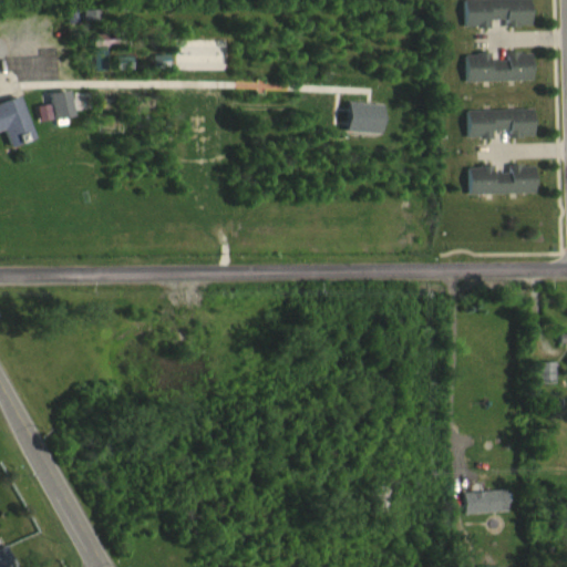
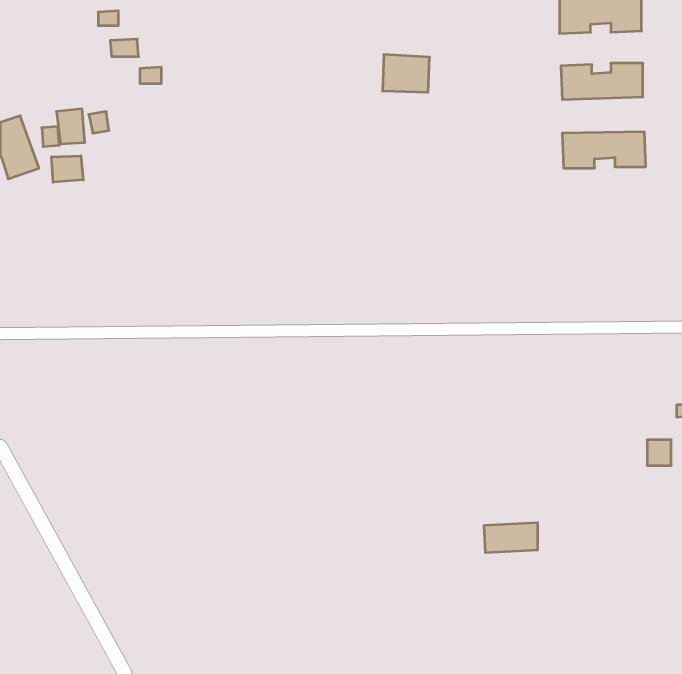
building: [347,102,385,133] -> [382,55,430,92]
building: none -> [52,156,83,182]
building: [470,165,537,194] -> none
building: [465,489,509,514] -> [484,523,538,552]

